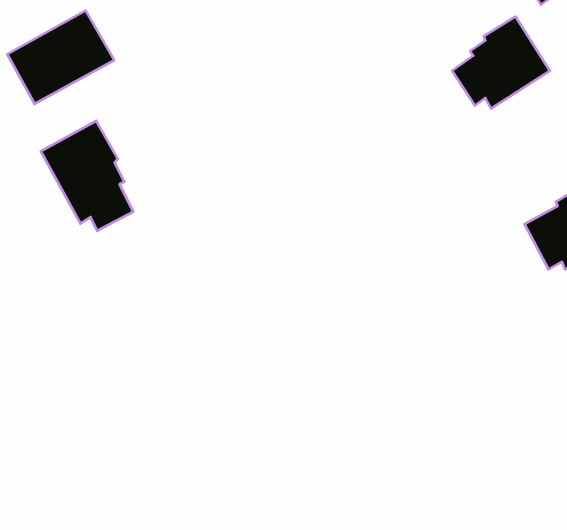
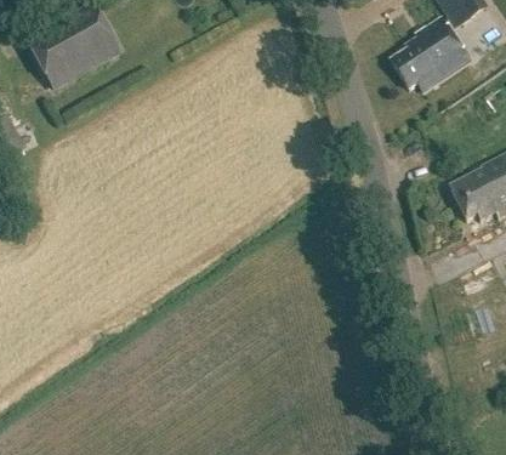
building: [41,121,133,231] -> none

